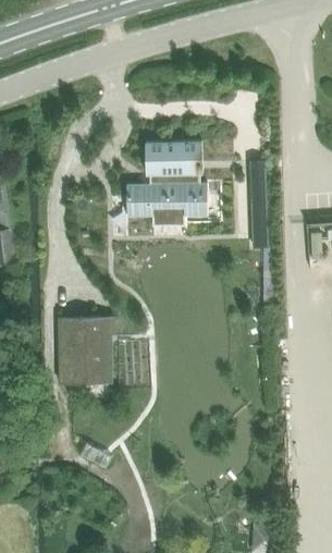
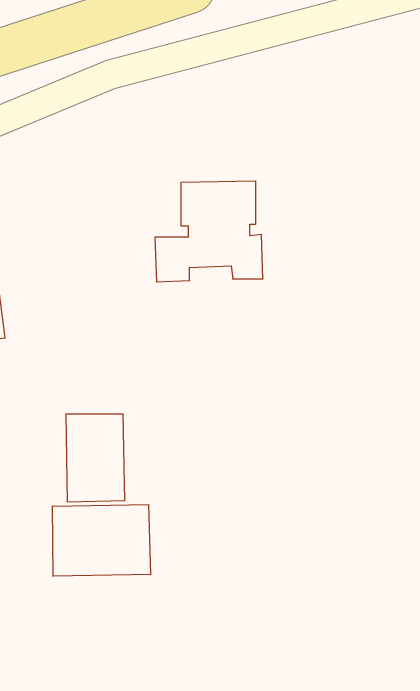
building: none -> [52,505,151,576]

